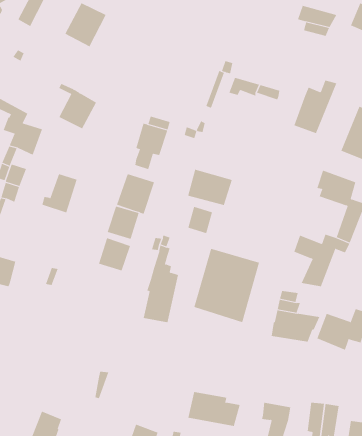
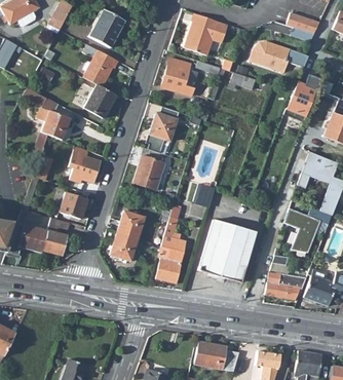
building: none -> [184,12,228,54]
building: none -> [249,41,308,72]
building: none -> [82,43,116,86]
building: none -> [160,58,198,96]
building: [187,169,233,206] -> none
building: [107,206,139,239] -> [110,232,138,261]
building: none -> [59,191,87,219]
building: none -> [43,218,70,255]

